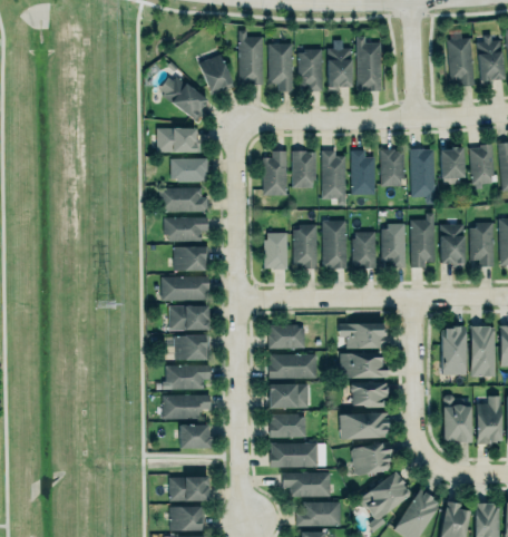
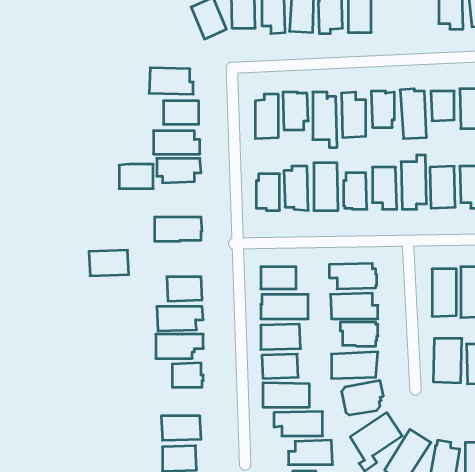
building: [159,76,207,121] -> none
building: [174,246,208,271] -> [119,164,153,189]
building: [168,306,208,332] -> [89,250,129,276]

